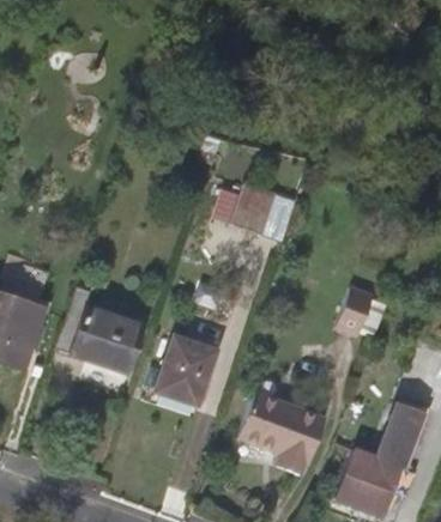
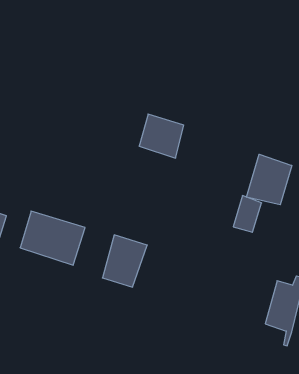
building: none -> [247,154,292,205]
building: [244,393,332,475] -> none
building: [345,445,405,506] -> none

